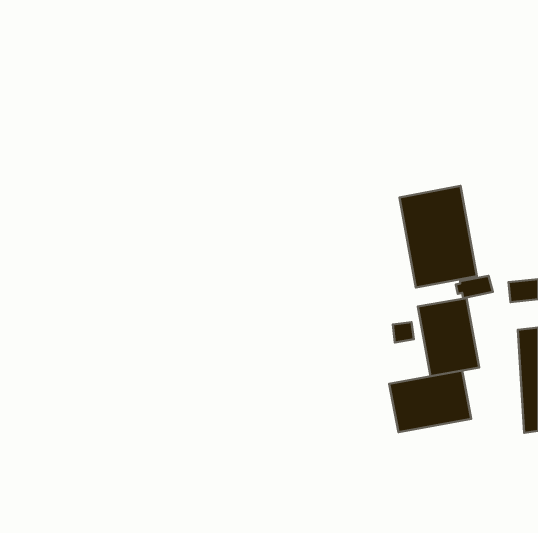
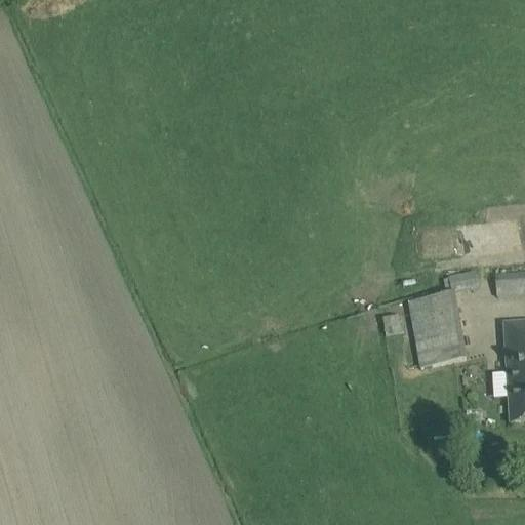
building: [399,186,477,288] -> none
building: [389,371,471,432] -> none

